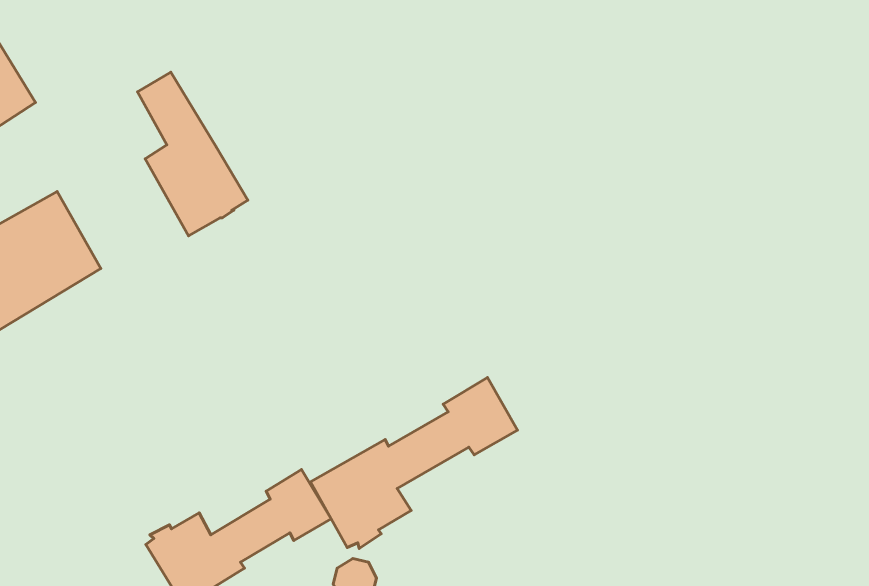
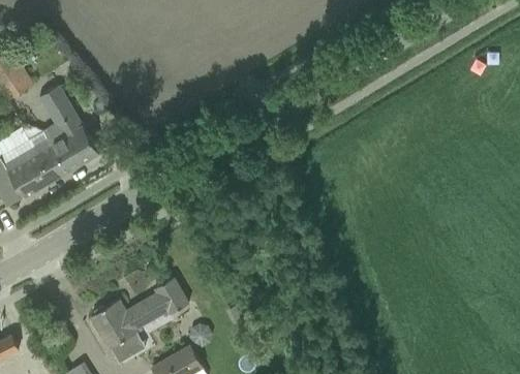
building: [137,72,248,236] -> [40,86,98,172]
building: [310,378,518,548] -> none

